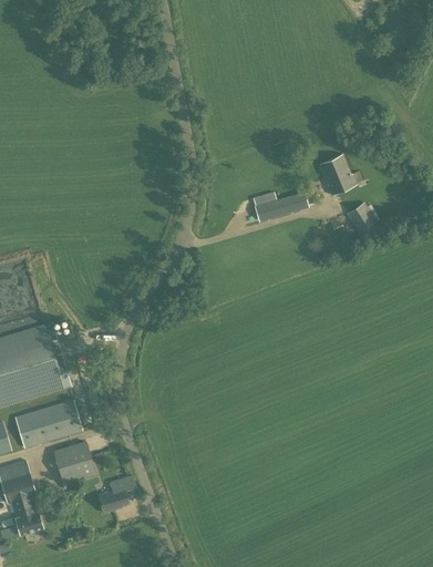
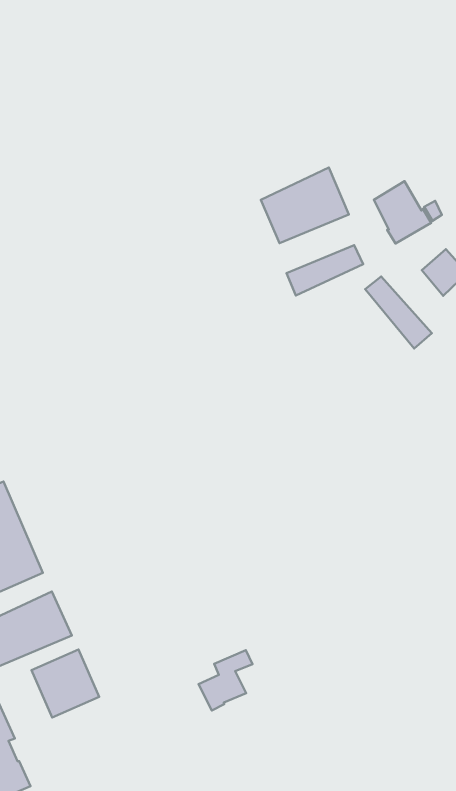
building: none -> [261,168,349,243]
building: none -> [365,276,432,349]
building: [97,476,135,514] -> [199,650,252,711]

